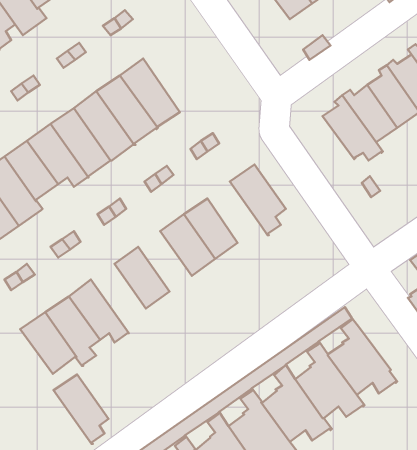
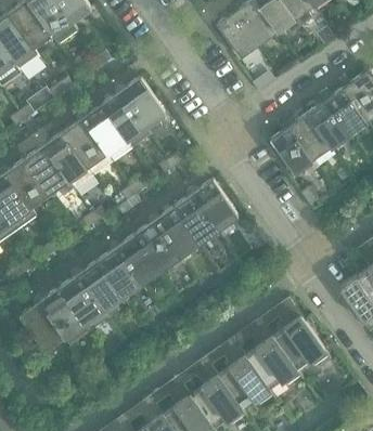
building: none -> [120,77,166,135]
building: none -> [173,193,218,244]
building: none -> [116,234,160,284]
building: [54,374,109,444] -> [77,261,123,318]

